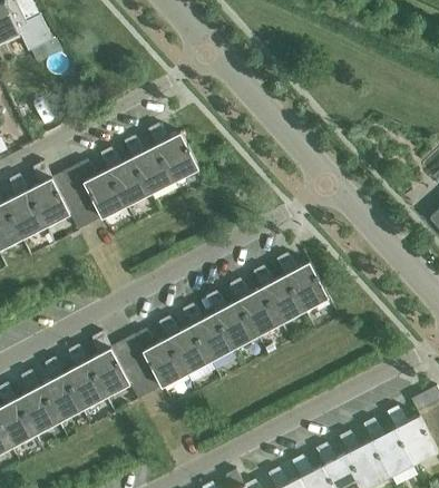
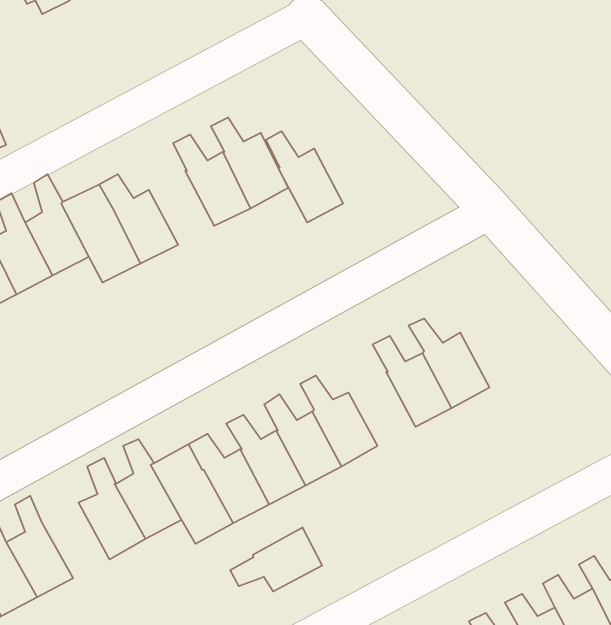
building: [100,148,150,207] -> [266,131,343,222]
building: [230,279,281,338] -> none
building: [39,358,82,423] -> none
building: none -> [230,527,322,591]

